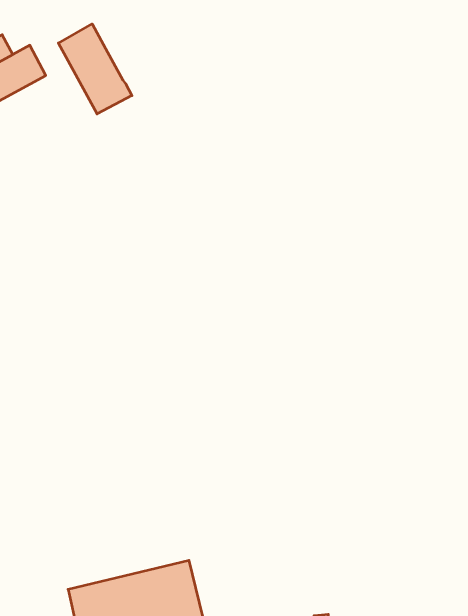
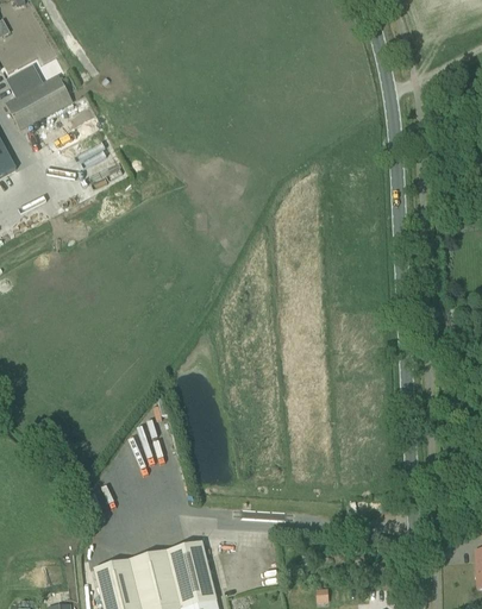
building: [58,24,132,114] -> none

